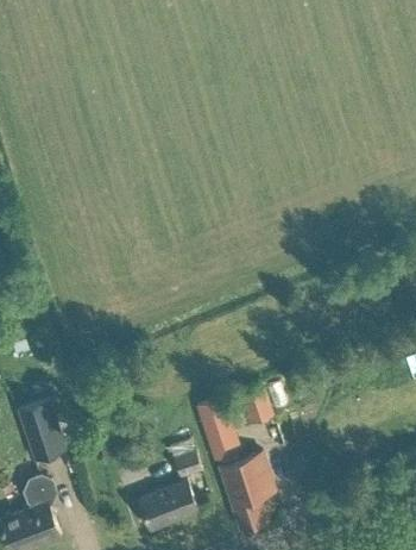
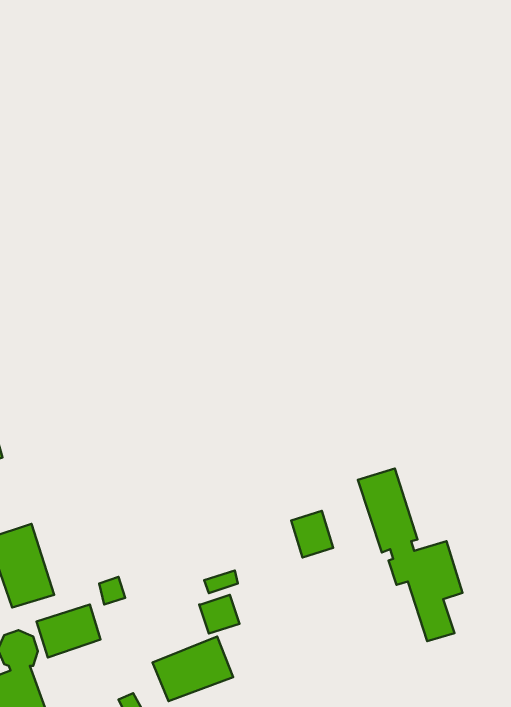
building: [197,401,275,529] -> [358,469,463,641]
building: none -> [36,605,100,658]

